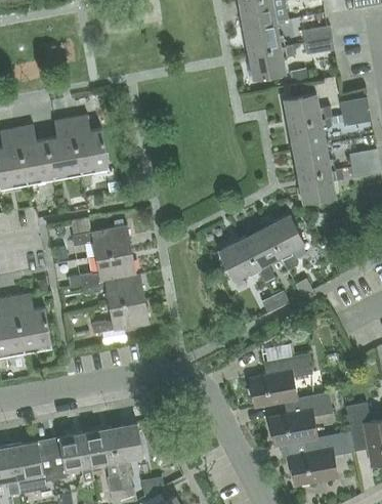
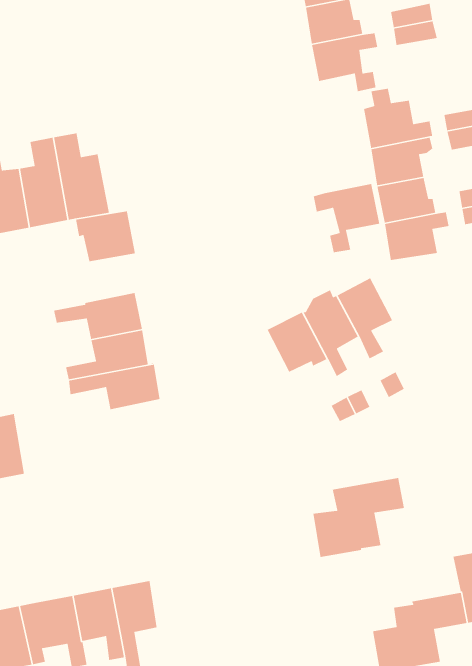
building: none -> [313,183,380,253]
building: none -> [75,211,136,262]
building: [92,298,150,333] -> none
building: [268,391,332,446] -> none

